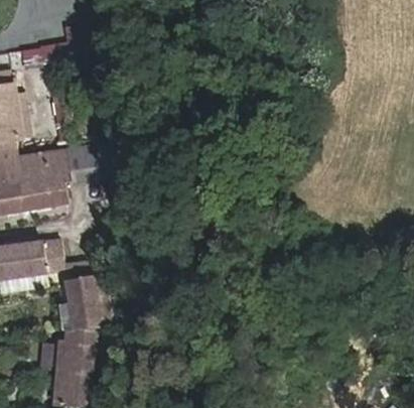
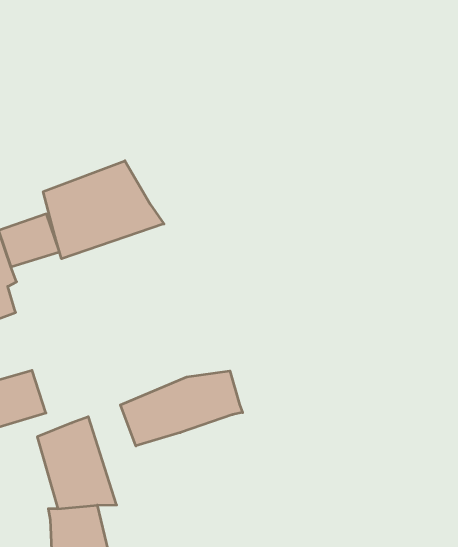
building: none -> [43,161,164,259]
building: none -> [120,371,243,446]

